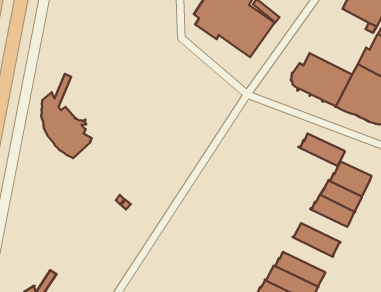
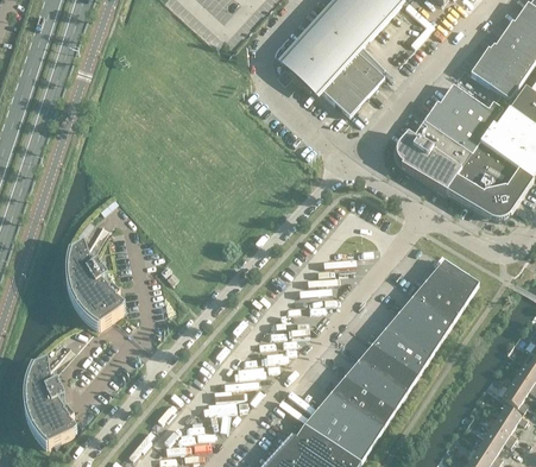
building: none -> [422,83,502,153]
building: [41,74,92,158] -> [67,222,125,327]
building: [298,133,345,166] -> [384,311,440,356]
building: none -> [357,342,417,391]

